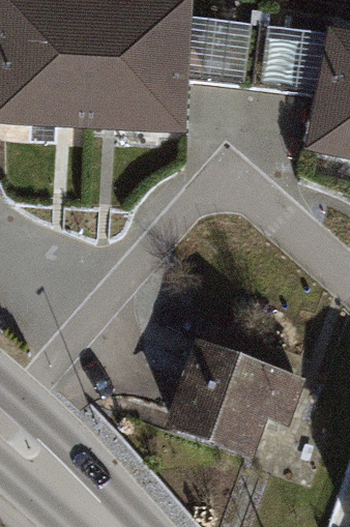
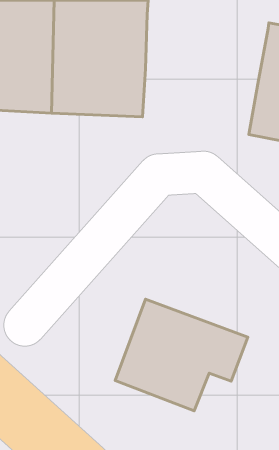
building: [191,17,328,94] -> none

